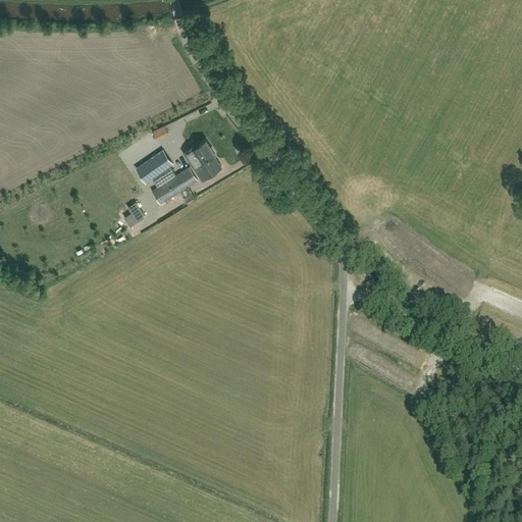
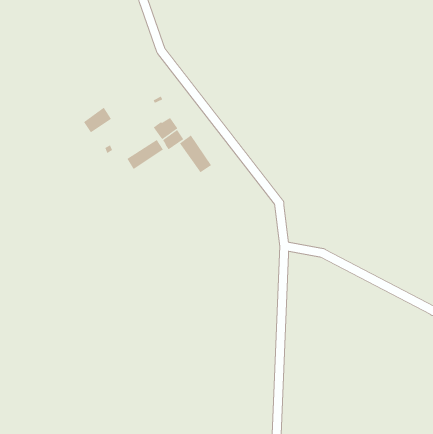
building: [137,150,171,181] -> [83,107,112,133]
building: none -> [179,135,212,173]

